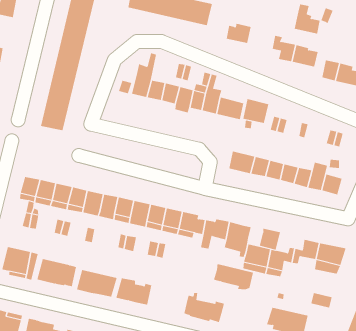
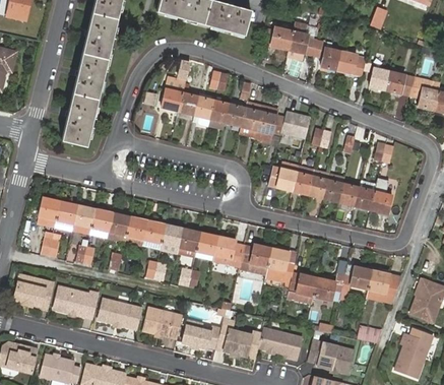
building: [294,4,320,34] -> [288,21,317,55]
building: [259,228,281,250] -> none
building: [213,263,254,290] -> [259,329,304,359]
building: none -> [181,322,220,350]

